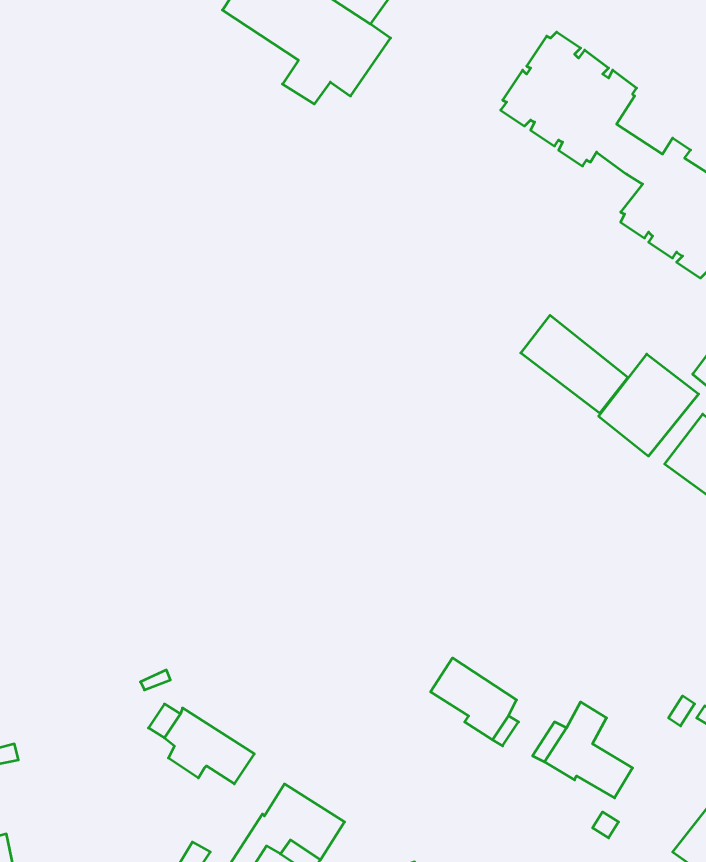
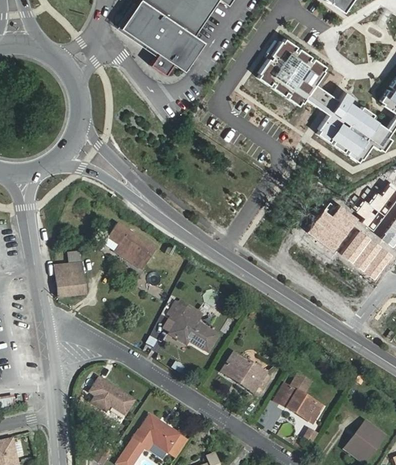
building: [521,315,628,413] -> none
building: none -> [108,223,157,270]
building: none -> [55,263,85,298]
building: none -> [170,299,219,352]

